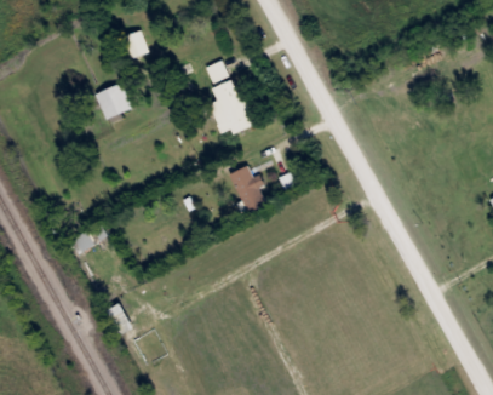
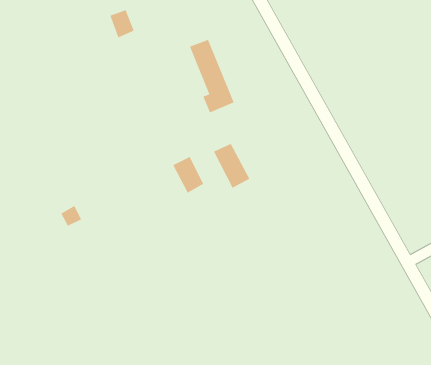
building: [94,82,133,121] -> none
building: none -> [173,156,204,193]

